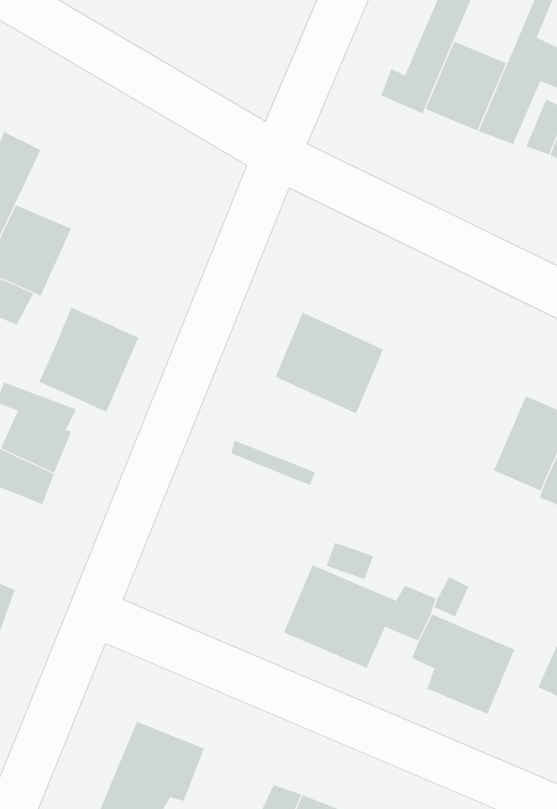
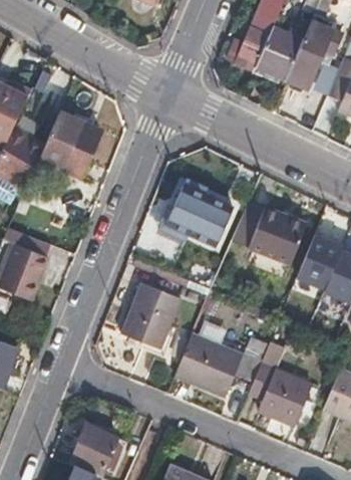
building: [39,307,139,413] -> [39,112,98,175]
building: none -> [232,202,304,264]
building: none -> [121,282,182,349]

